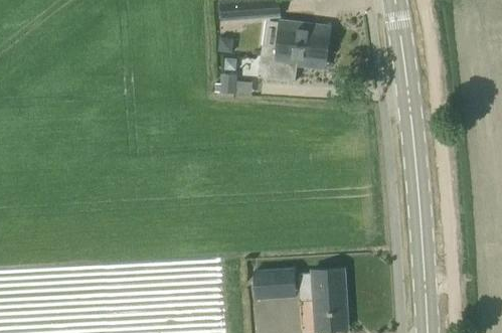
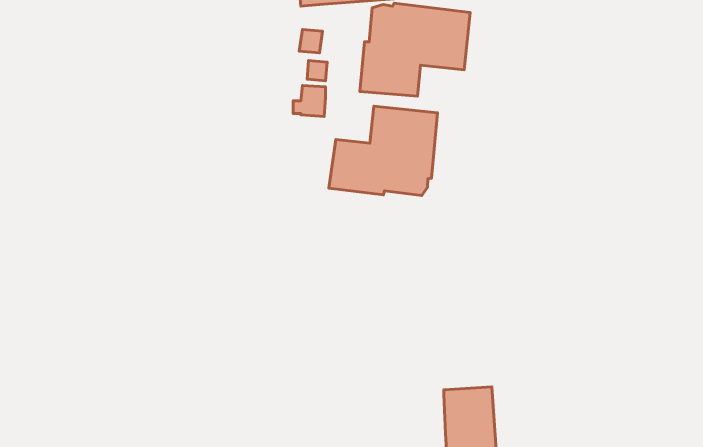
building: none -> [329,106,437,195]
building: [255,269,295,298] -> none

